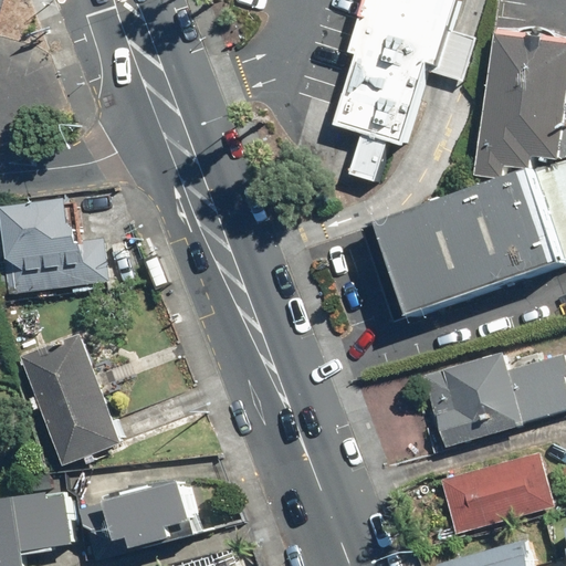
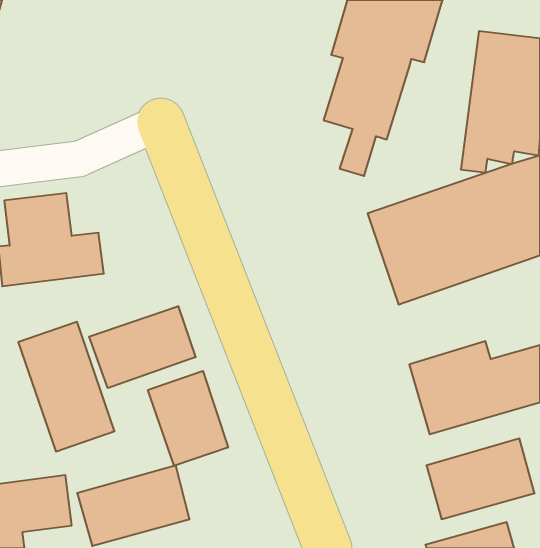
building: none -> [89,306,196,388]
building: none -> [148,371,228,466]

